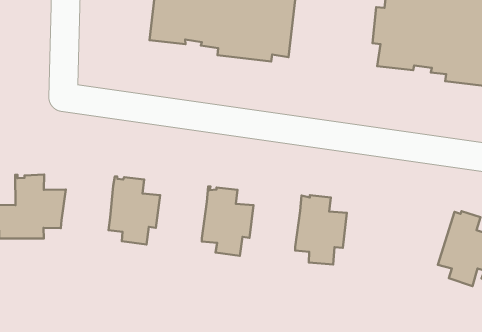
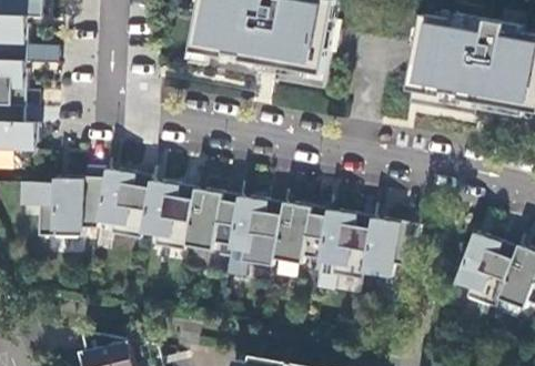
building: none -> [97,171,148,237]
building: none -> [184,190,236,251]
building: none -> [273,203,325,263]
building: none -> [362,215,415,277]

